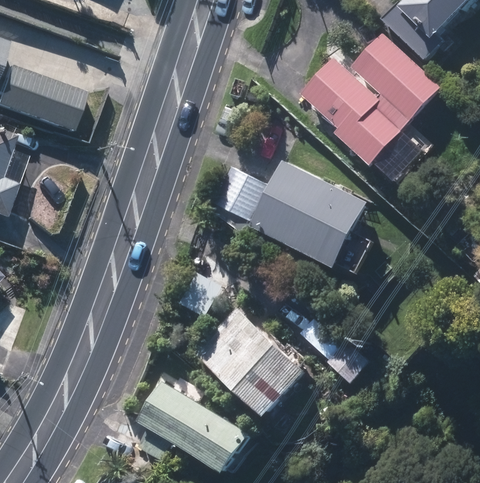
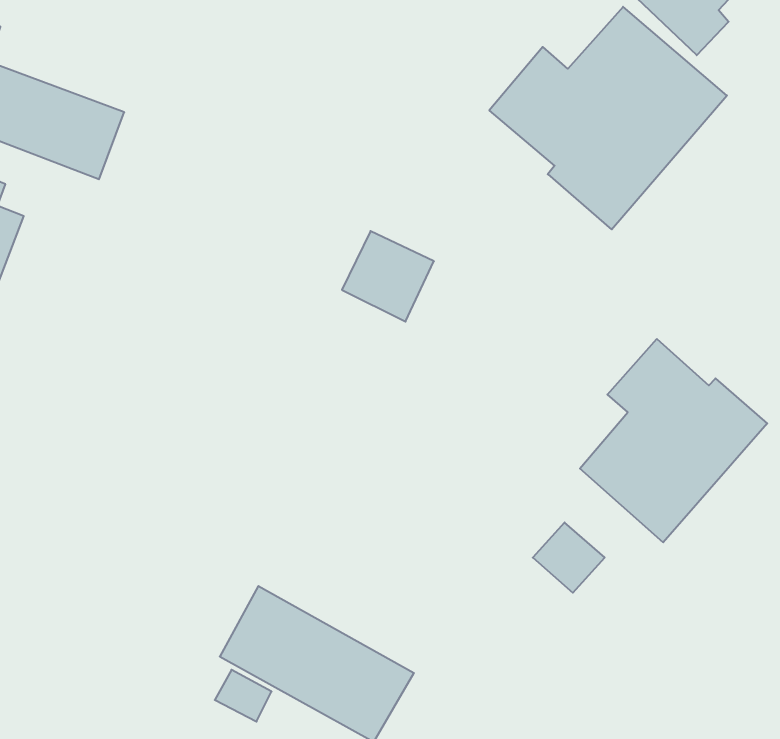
building: [250,160,367,267] -> none
building: none -> [580,339,767,542]
building: [195,304,308,414] -> none

